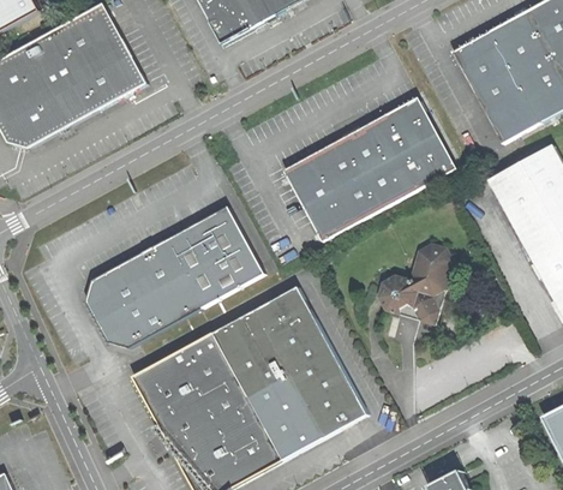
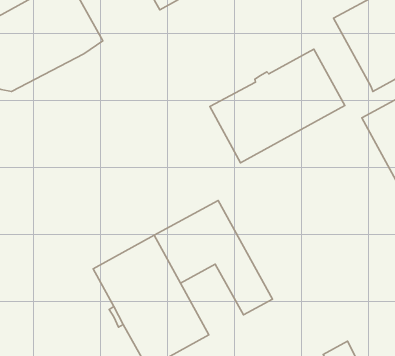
building: [83,207,264,349] -> none
building: [379,238,454,319] -> none
building: [246,370,327,460] -> none

